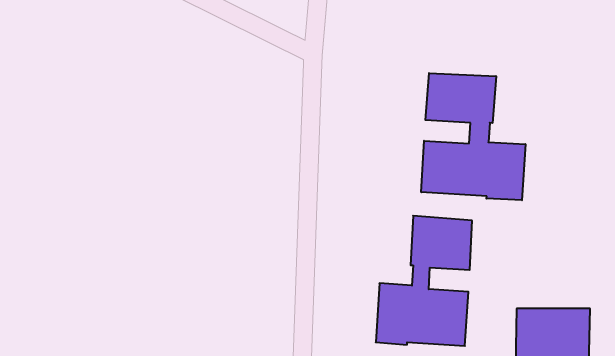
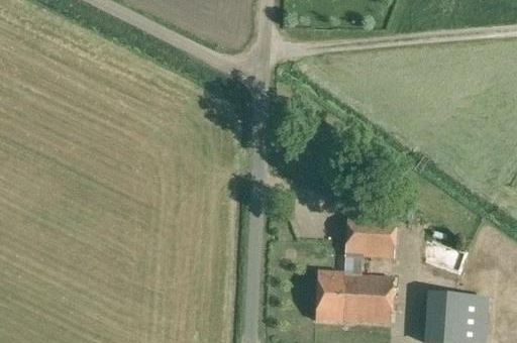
building: [421,73,525,200] -> none

